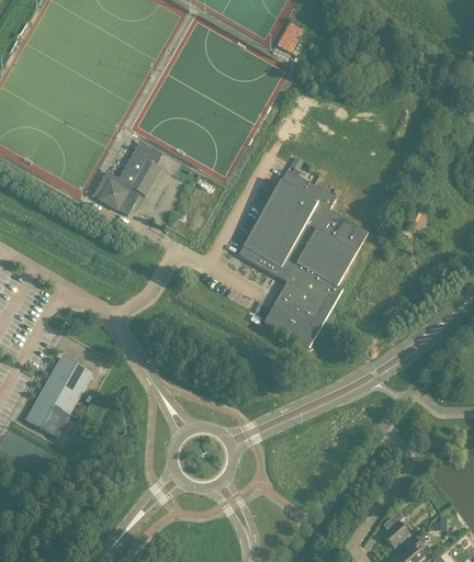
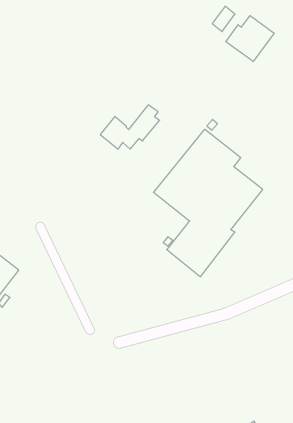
building: none -> [226,16,274,62]
building: [92,151,160,210] -> [100,105,160,149]

